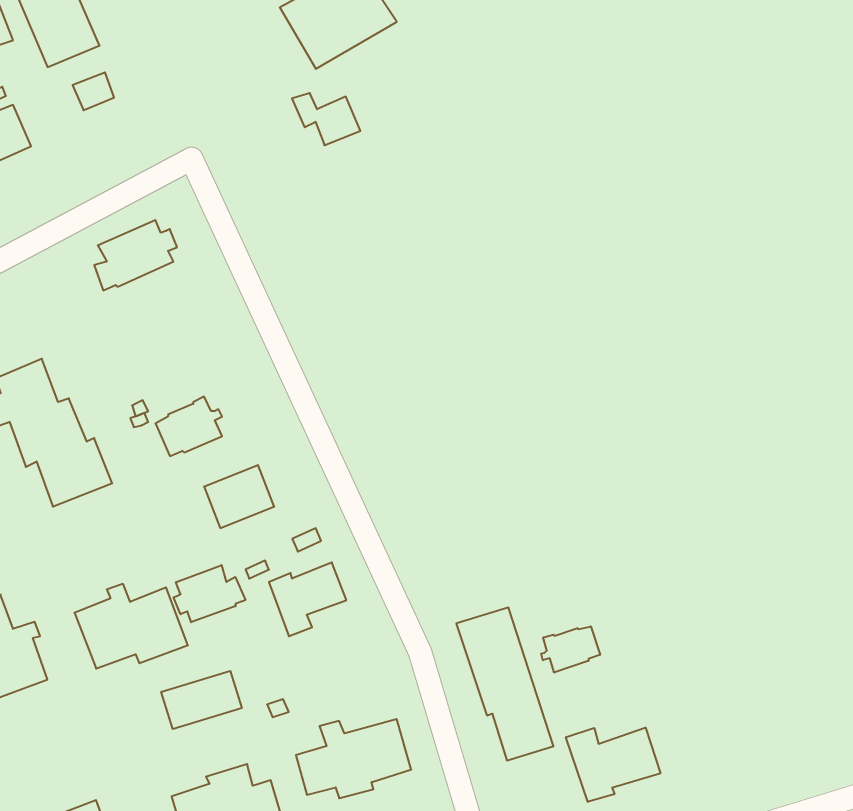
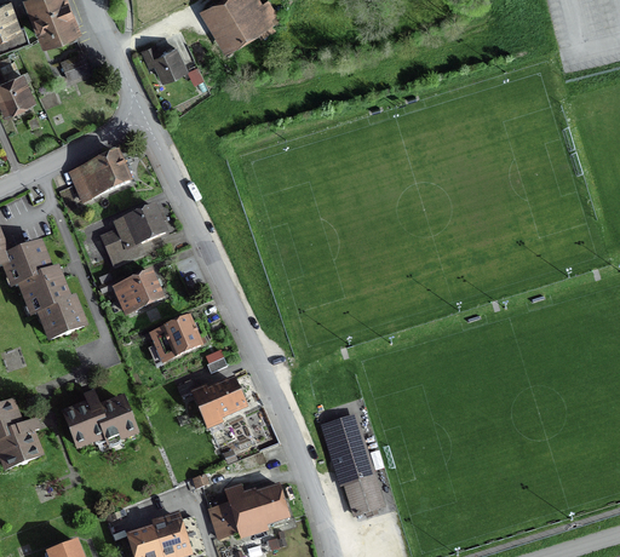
building: [292,93,360,145] -> [140,44,186,79]
building: none -> [101,203,165,264]
building: [174,565,245,622] -> none
building: [541,626,600,673] -> none
building: [161,671,242,729] -> none
building: [566,728,660,802] -> none

